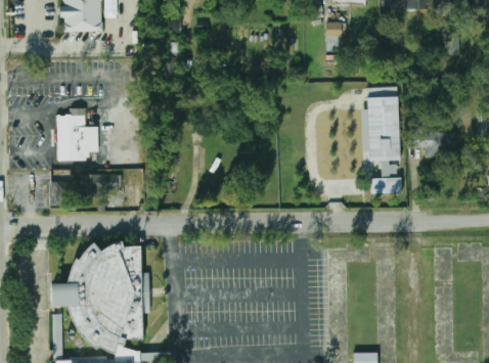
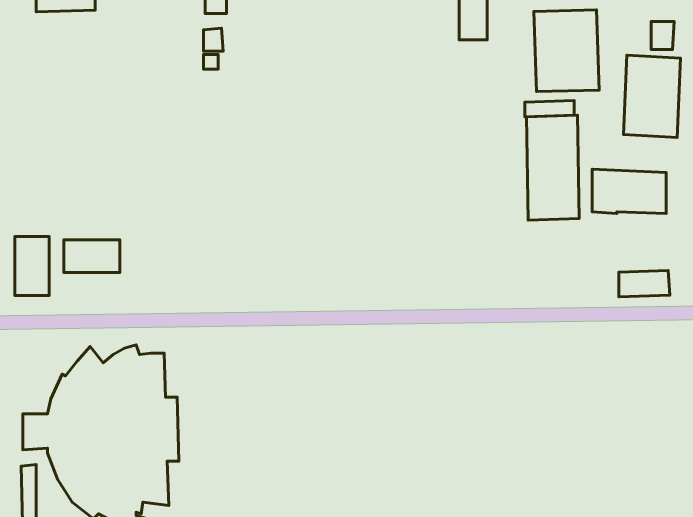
building: none -> [534,10,599,92]
building: none -> [623,55,681,137]
building: [56,115,96,162] -> none
building: [369,178,401,194] -> [619,271,670,297]

